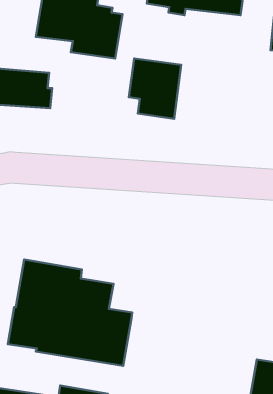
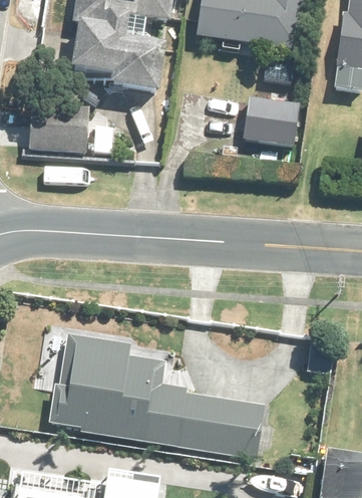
building: [129,58,181,119] -> [245,100,303,168]
building: none -> [173,392,260,457]

